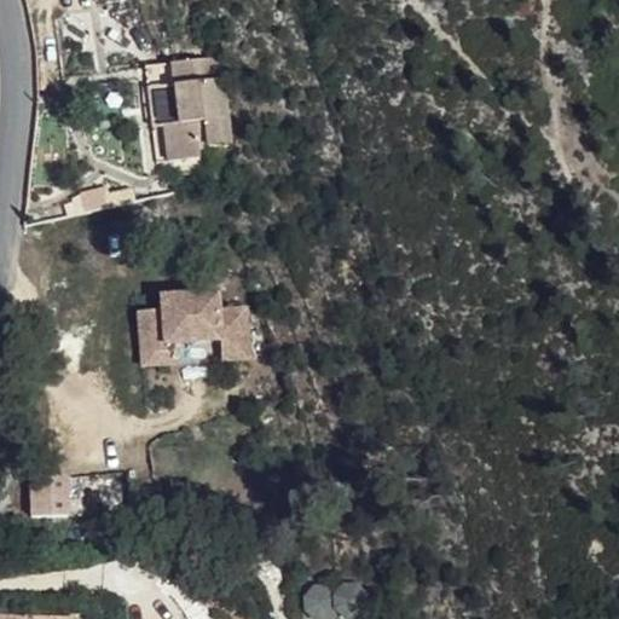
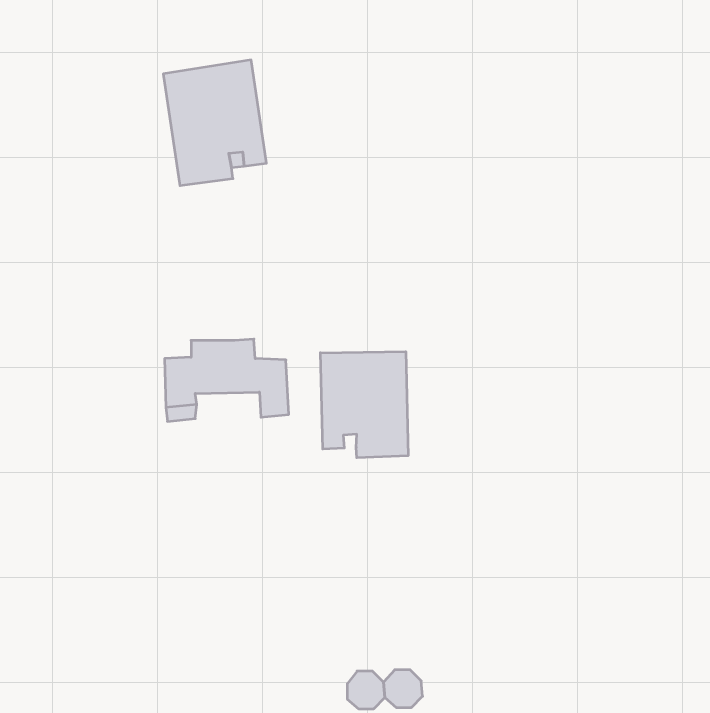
building: none -> [320,352,408,458]
building: [30,475,68,516] -> none

